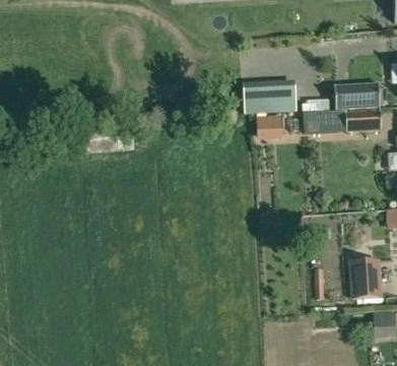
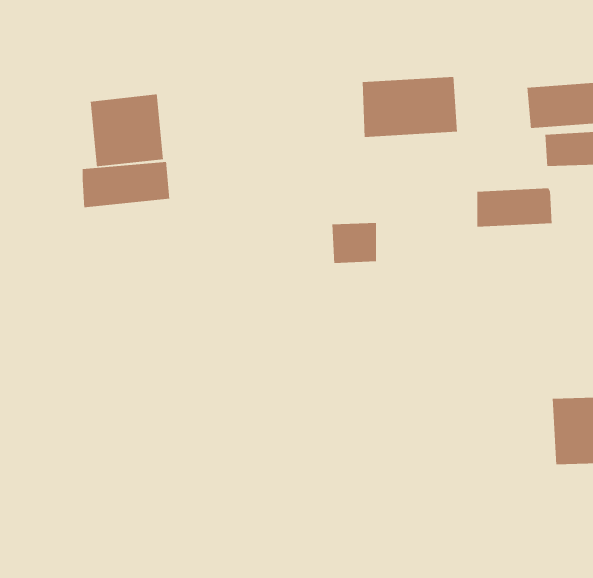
building: none -> [90,94,164,167]
building: [304,110,346,132] -> [477,188,553,227]
building: [256,114,281,137] -> [332,222,377,264]

